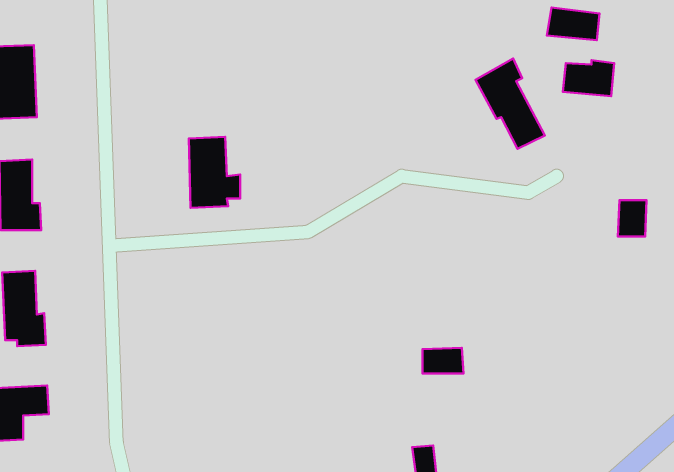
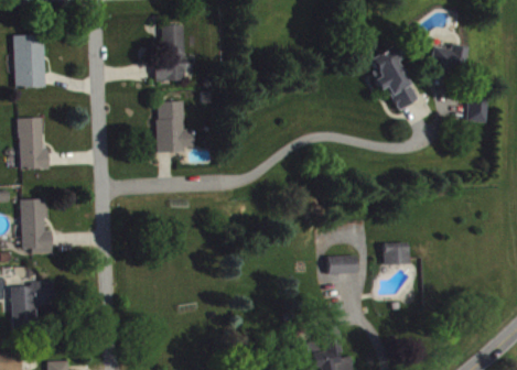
building: [547,7,599,40] -> none
building: none -> [154,24,193,80]
building: [618,200,647,236] -> [466,95,487,121]
building: none -> [383,242,409,264]

